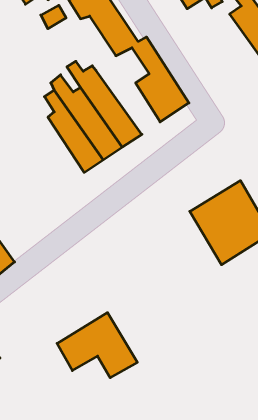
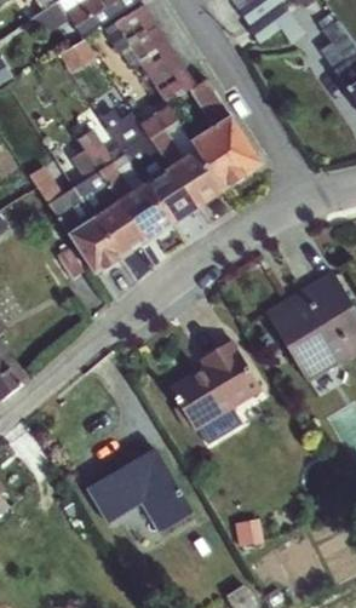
building: none -> [138,104,224,208]
building: none -> [28,164,122,276]
building: none -> [167,338,262,432]

